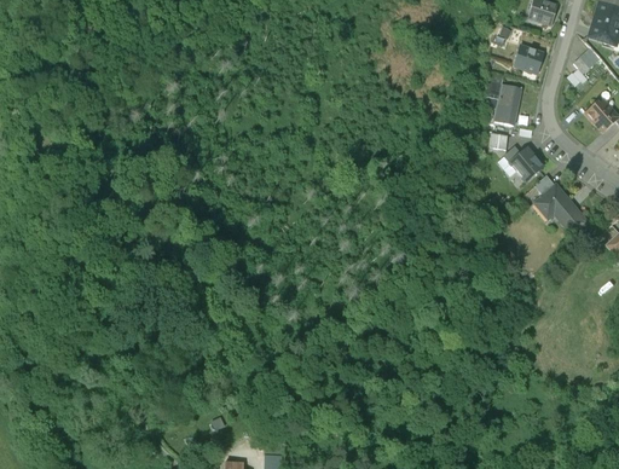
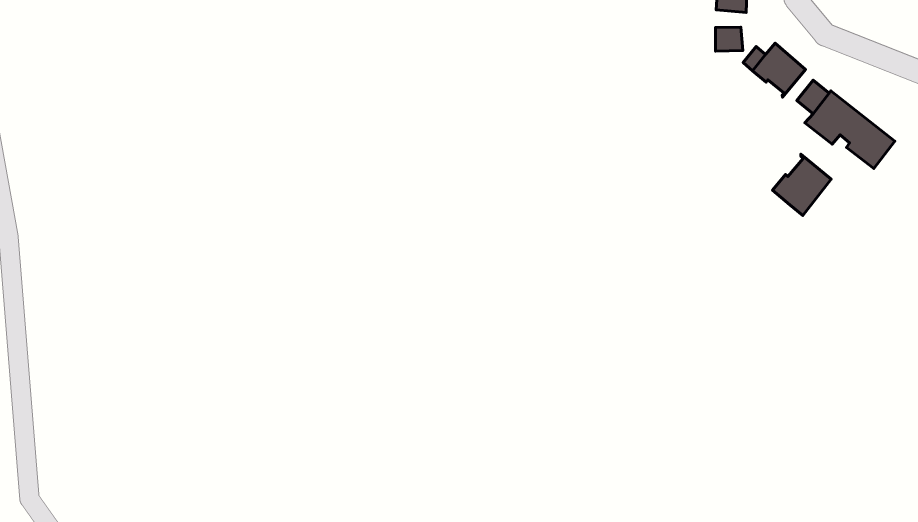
building: none -> [773,154,831,215]

